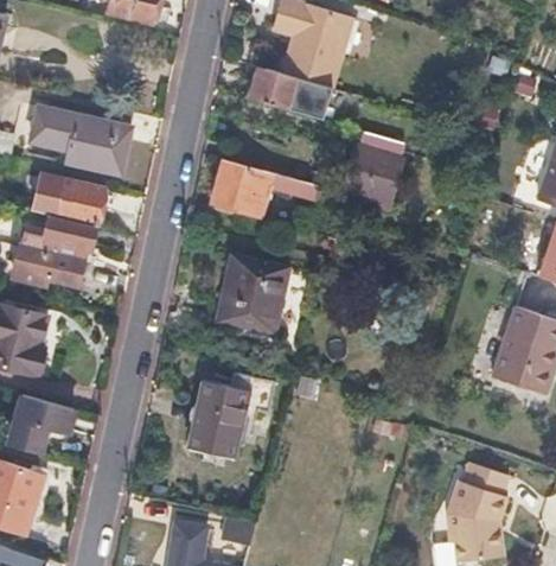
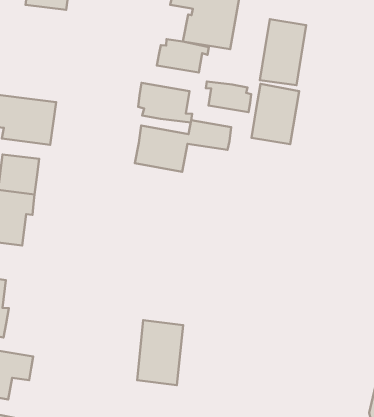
building: none -> [260,19,306,85]
building: none -> [138,83,192,123]
building: none -> [206,82,251,112]
building: [216,254,286,332] -> none

